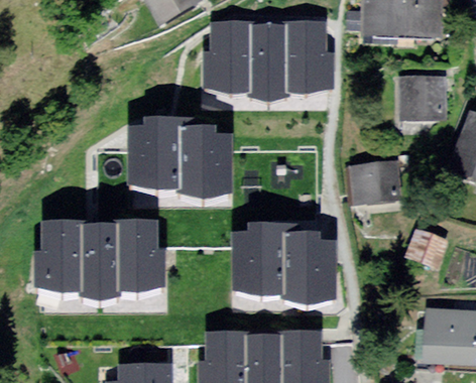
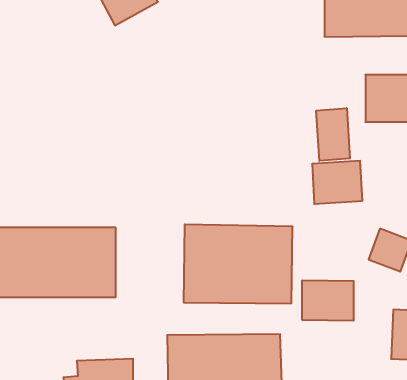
building: [197,27,326,90] -> none
building: none -> [316,108,350,161]
building: [122,124,231,198] -> none
building: none -> [302,280,354,321]

